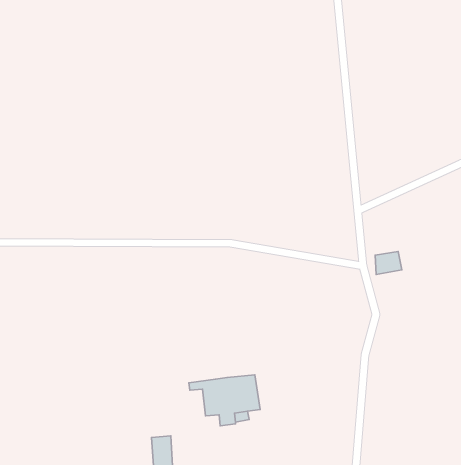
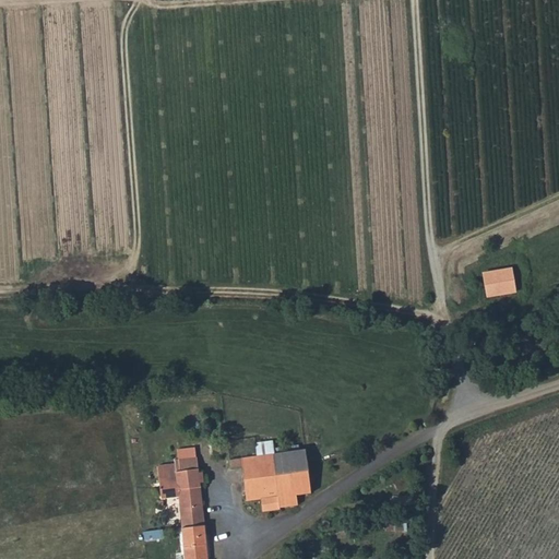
building: [375,252,402,274] -> [477,267,509,295]
building: none -> [159,460,204,525]

